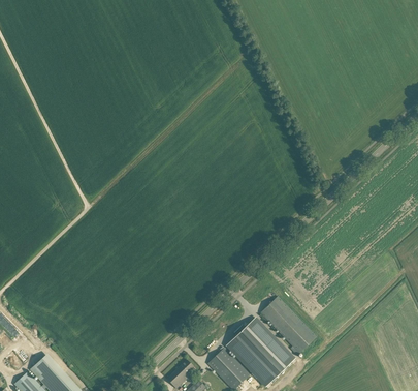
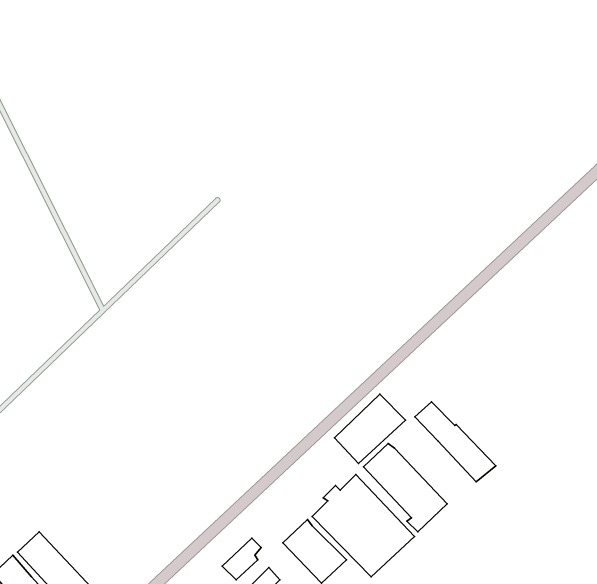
building: none -> [334,394,405,463]
building: none -> [415,402,496,482]

